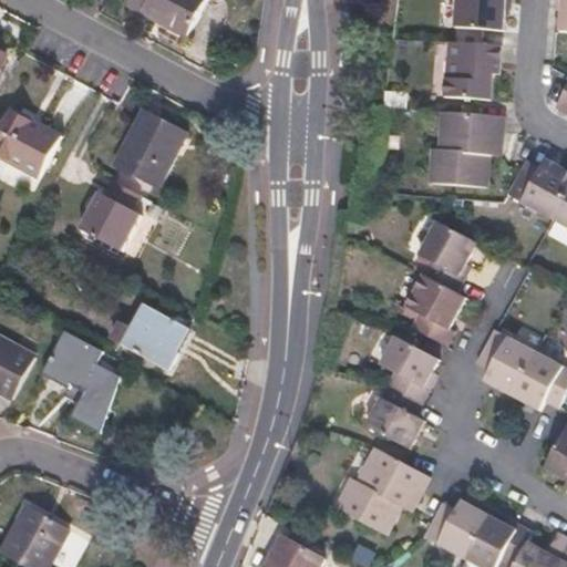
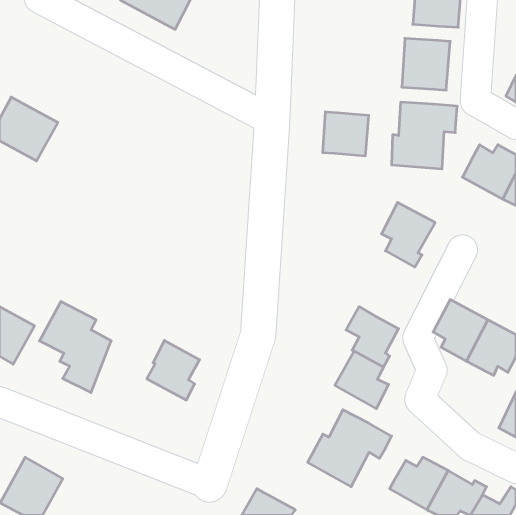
building: [117,111,189,187] -> none
building: none -> [323,112,369,156]
building: [80,179,141,251] -> none
building: [405,275,463,346] -> none
building: [126,303,184,369] -> [147,340,200,400]

